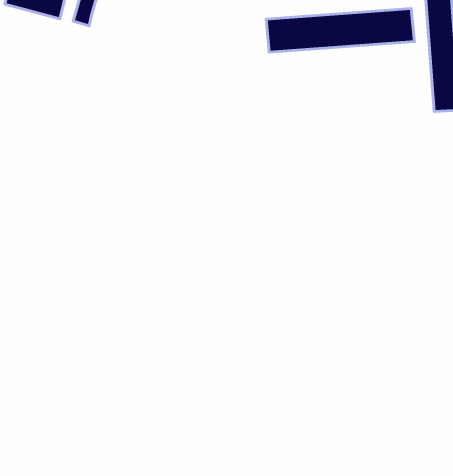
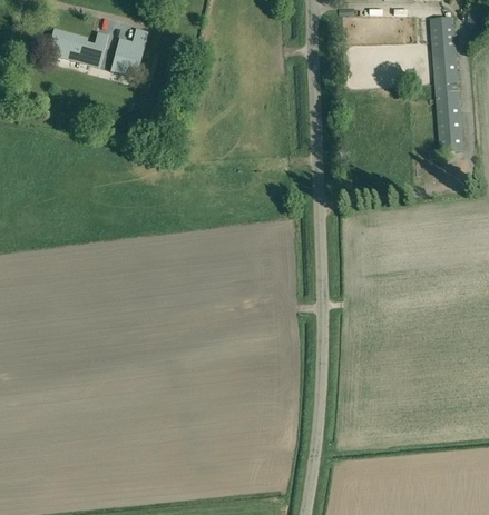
building: [266,8,414,52] -> none

